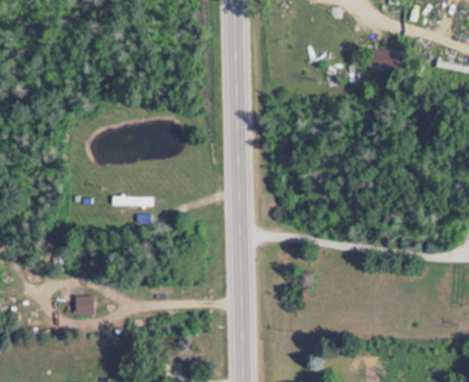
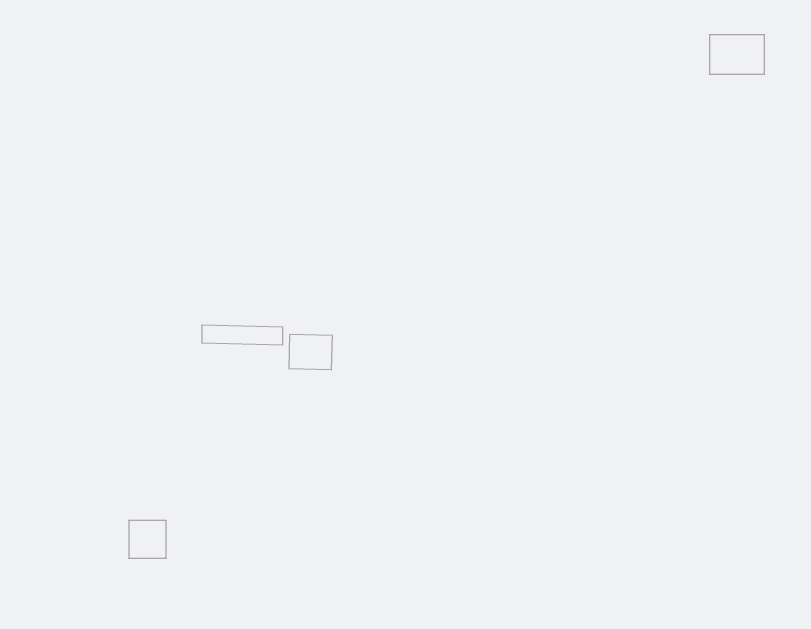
building: none -> [289,334,332,370]

